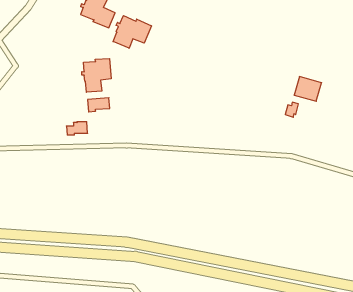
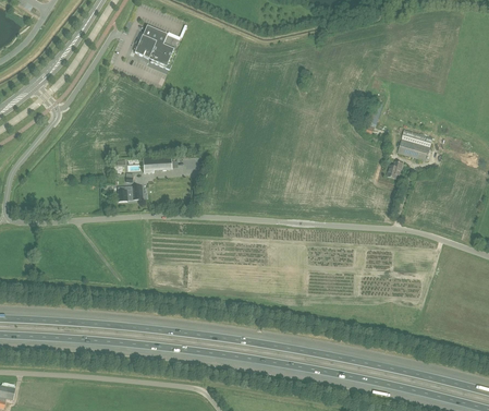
building: [113,16,151,48] -> none
building: [82,59,111,92] -> none

